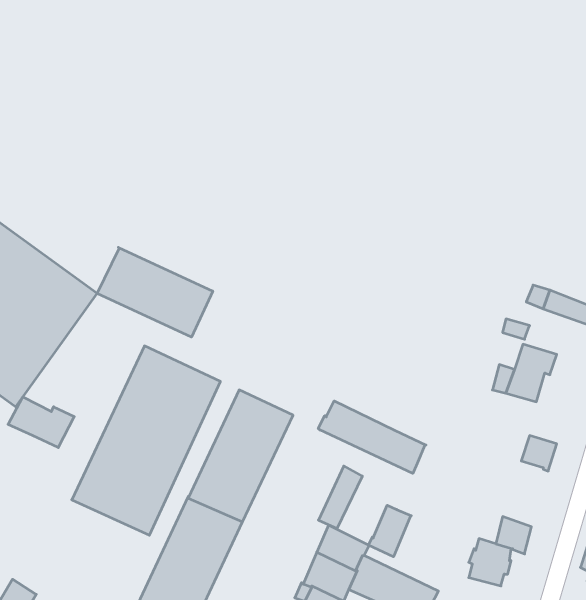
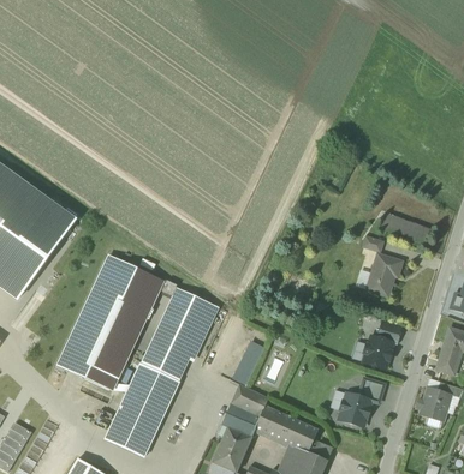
building: [97,247,213,337] -> none
building: [8,397,74,448] -> none
building: [318,401,426,473] -> none
building: none -> [363,336,392,368]
building: [369,505,411,557] -> none

